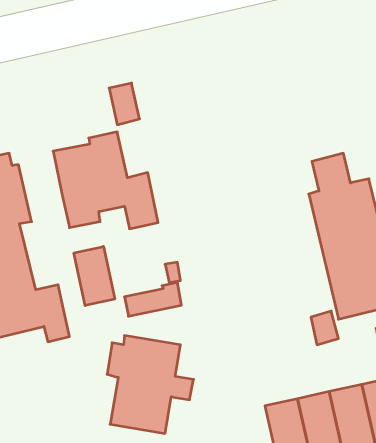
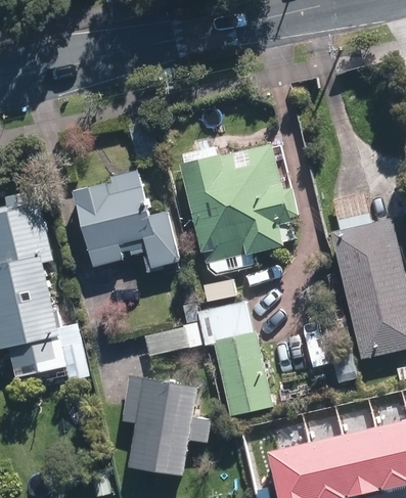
building: none -> [177,146,297,265]
building: [74,246,115,306] -> none
building: none -> [201,301,277,416]

